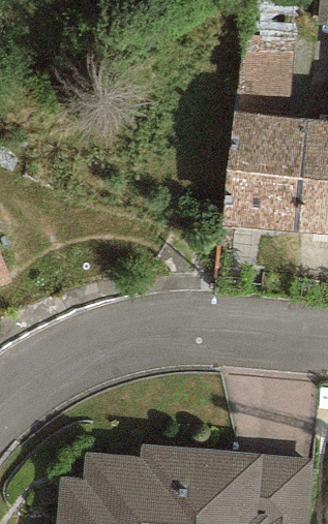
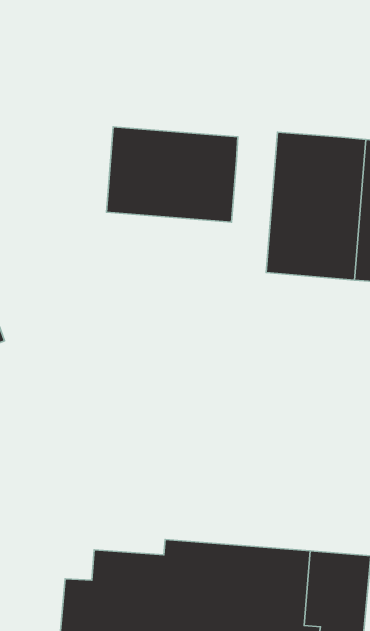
building: [234,35,295,117] -> none
building: none -> [107,127,238,222]

